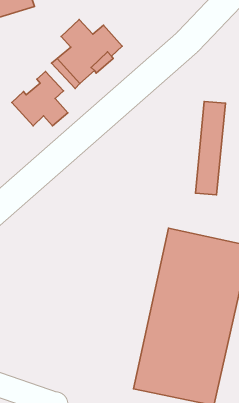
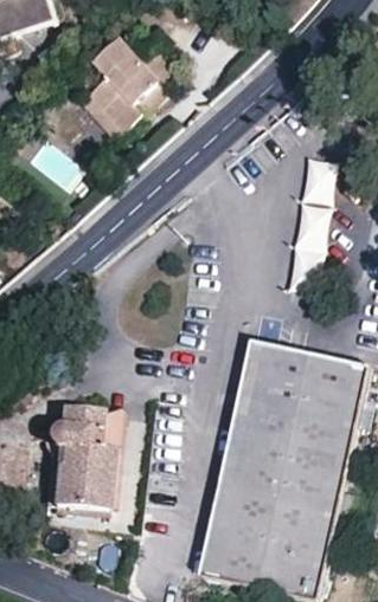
building: [12,71,68,126] -> none
building: none -> [45,408,114,512]

